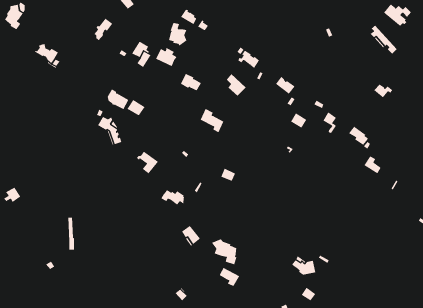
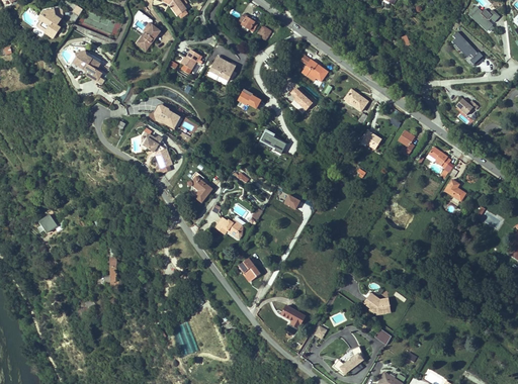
building: [169,22,187,46] -> none
building: [211,239,237,265] -> none

